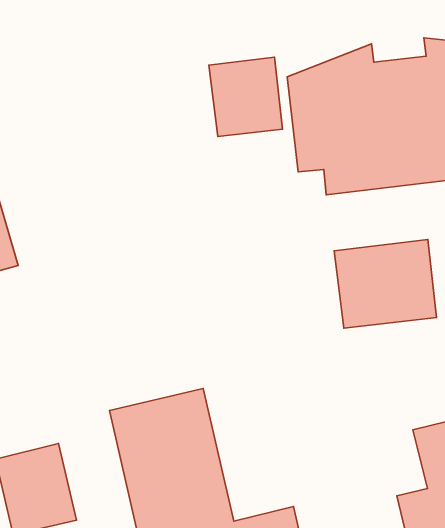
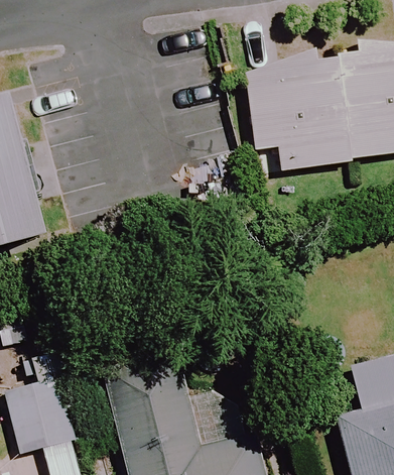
building: [209,57,283,136] -> none
building: [334,240,436,328] -> none

